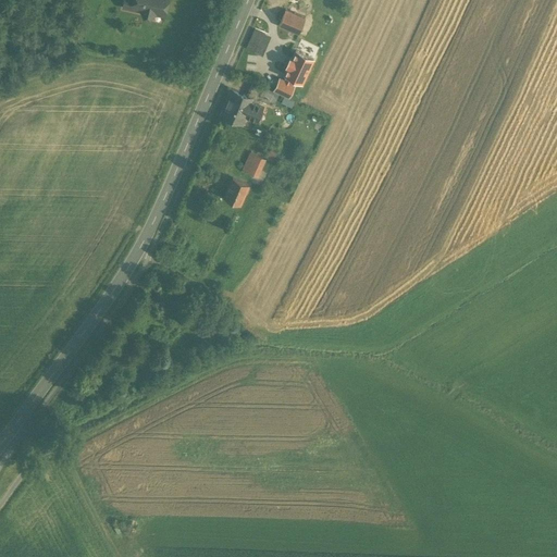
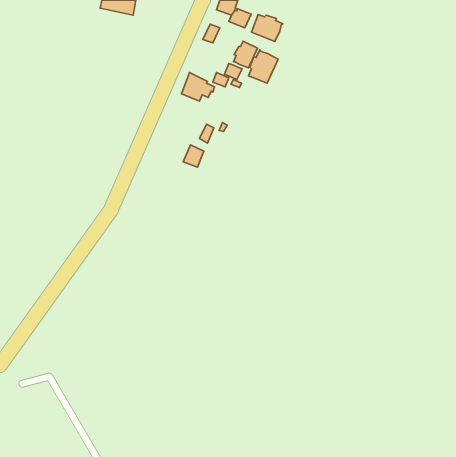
building: none -> [252,14,283,42]
building: none -> [249,50,278,83]

